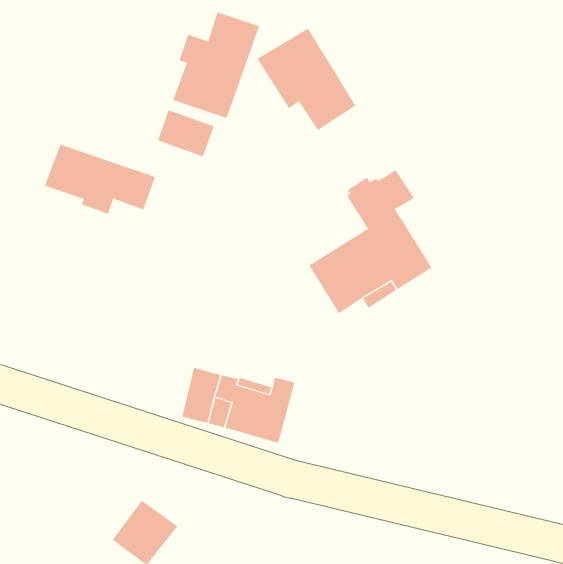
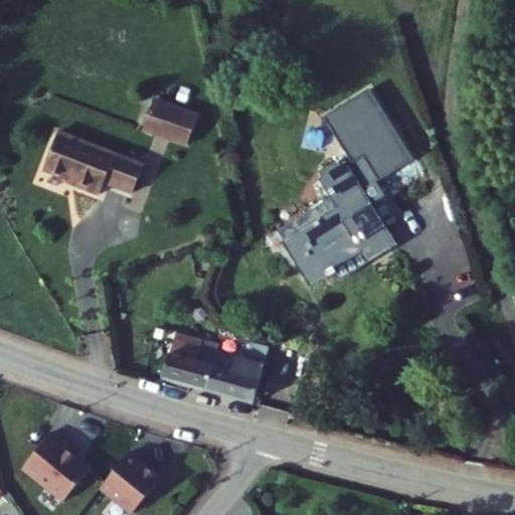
building: [173,11,260,119] -> none
building: [257,28,356,131] -> [322,87,412,180]
building: none -> [23,435,91,501]

